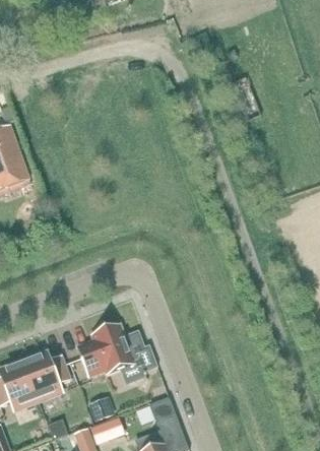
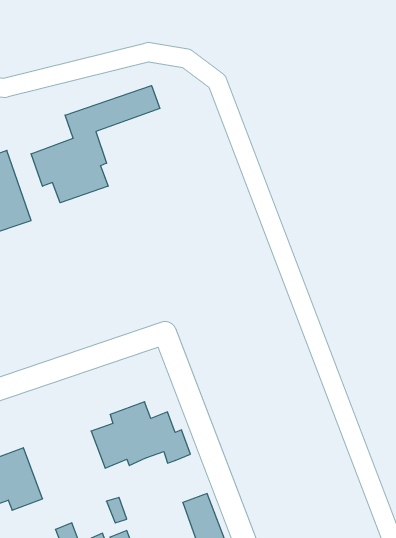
building: none -> [31,86,160,203]
building: [22,350,69,400] -> none

